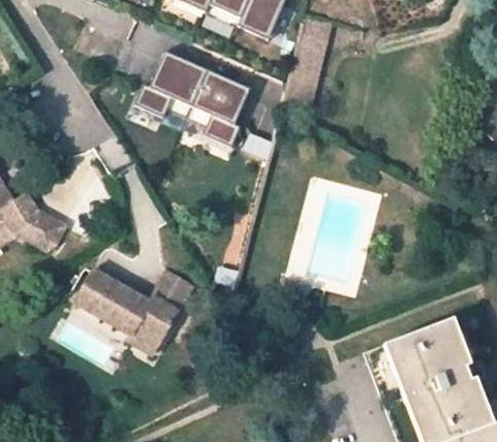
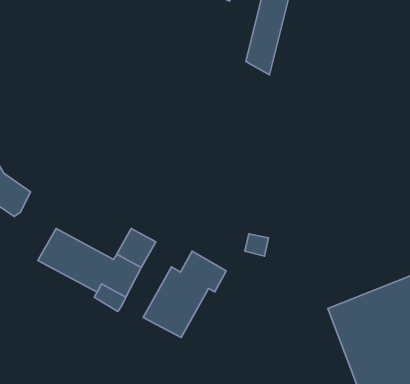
building: [133,46,250,145] -> none
building: none -> [143,251,226,337]

